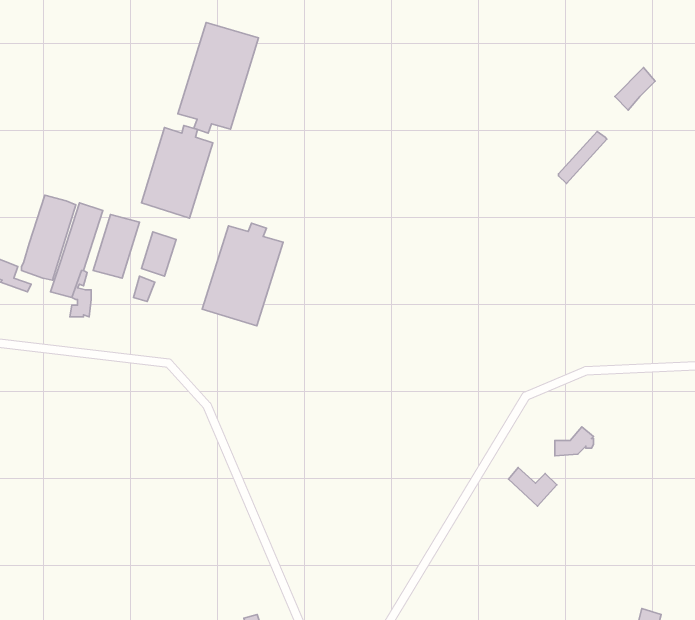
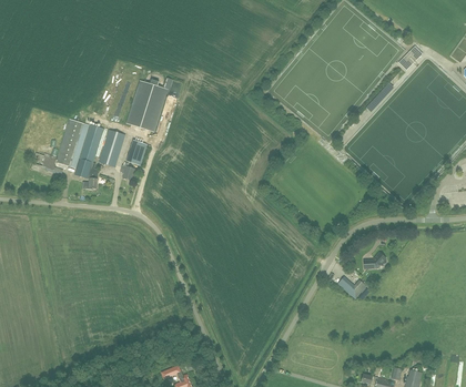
building: [178,22,259,133] -> none
building: [202,223,283,326] -> none

